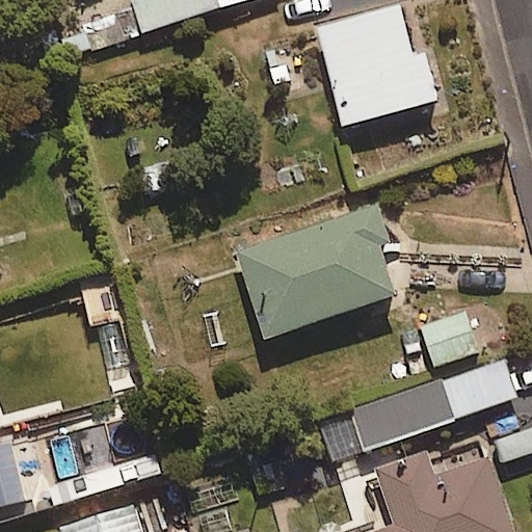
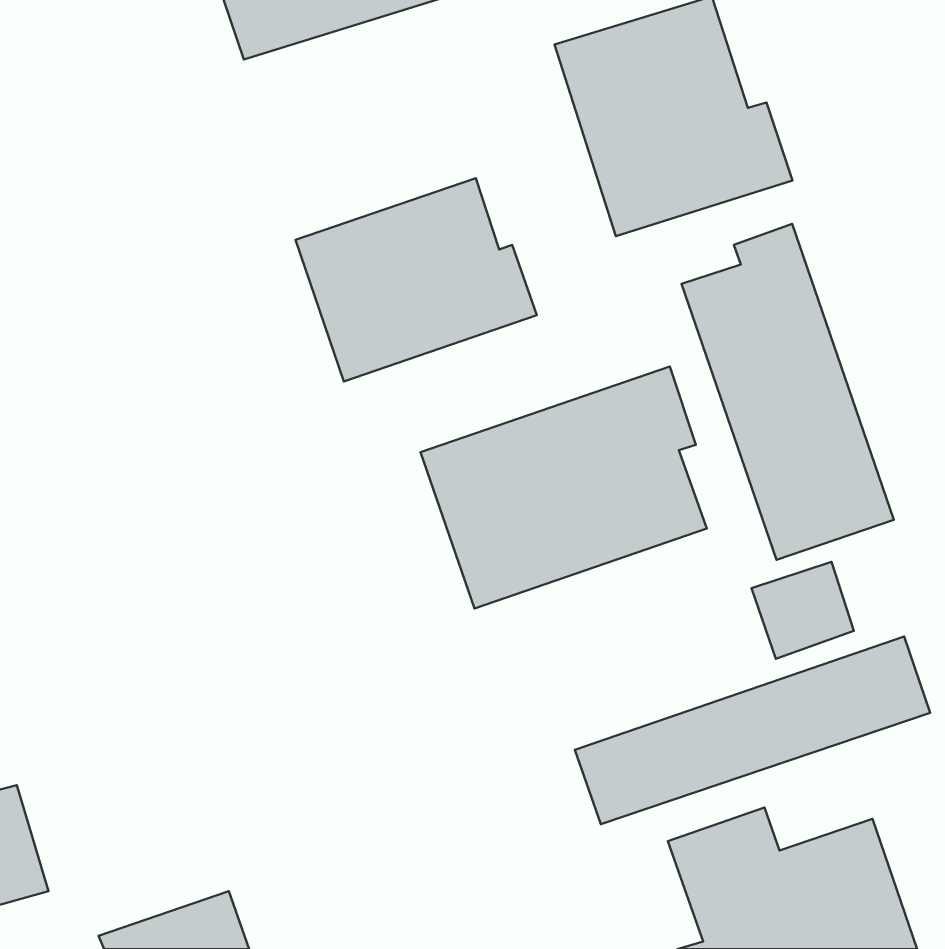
building: none -> [296,178,537,381]
building: none -> [681,224,894,560]

